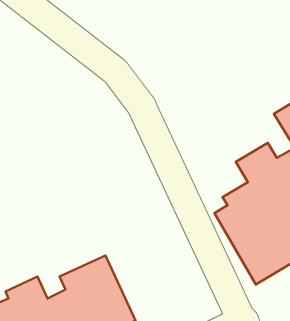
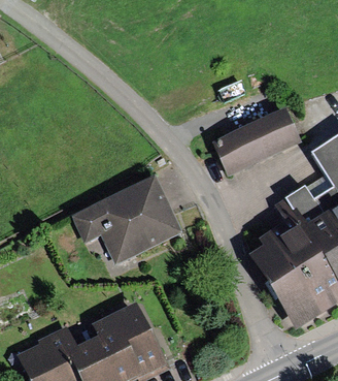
building: none -> [210,108,296,173]
building: none -> [72,176,182,264]

